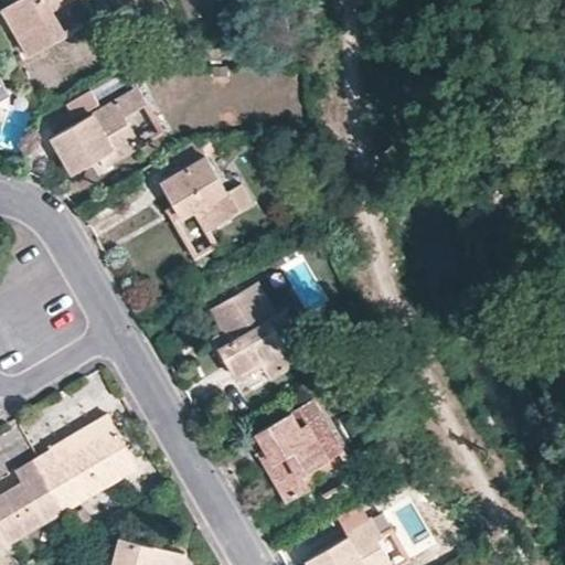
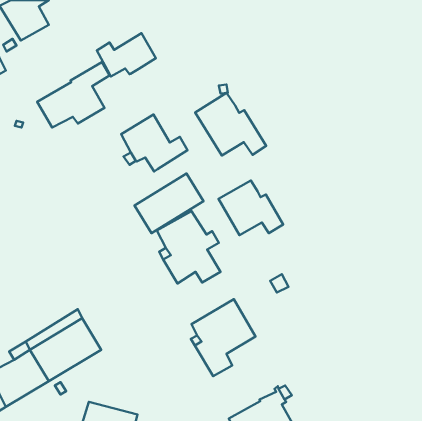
building: none -> [97,33,156,77]
building: none -> [195,93,266,155]
building: none -> [135,173,204,233]
building: none -> [218,180,283,235]

